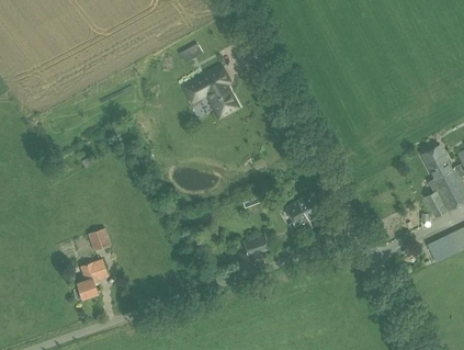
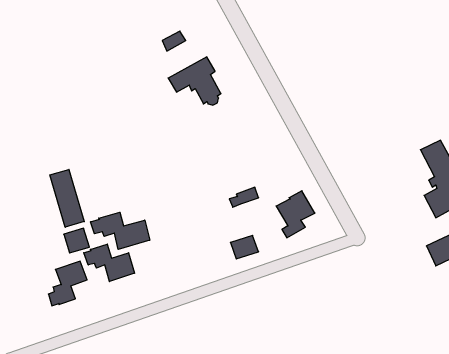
building: none -> [50,169,84,227]
building: none -> [91,212,150,249]
building: none -> [84,244,135,282]

